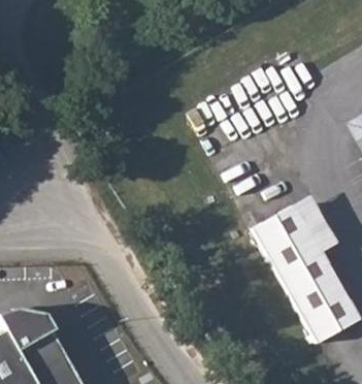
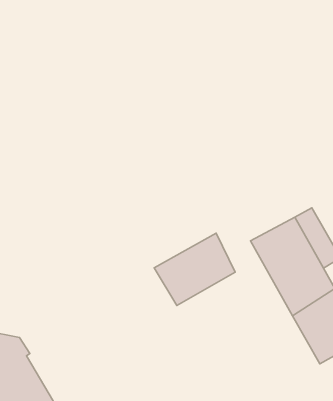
building: none -> [154,233,235,306]

